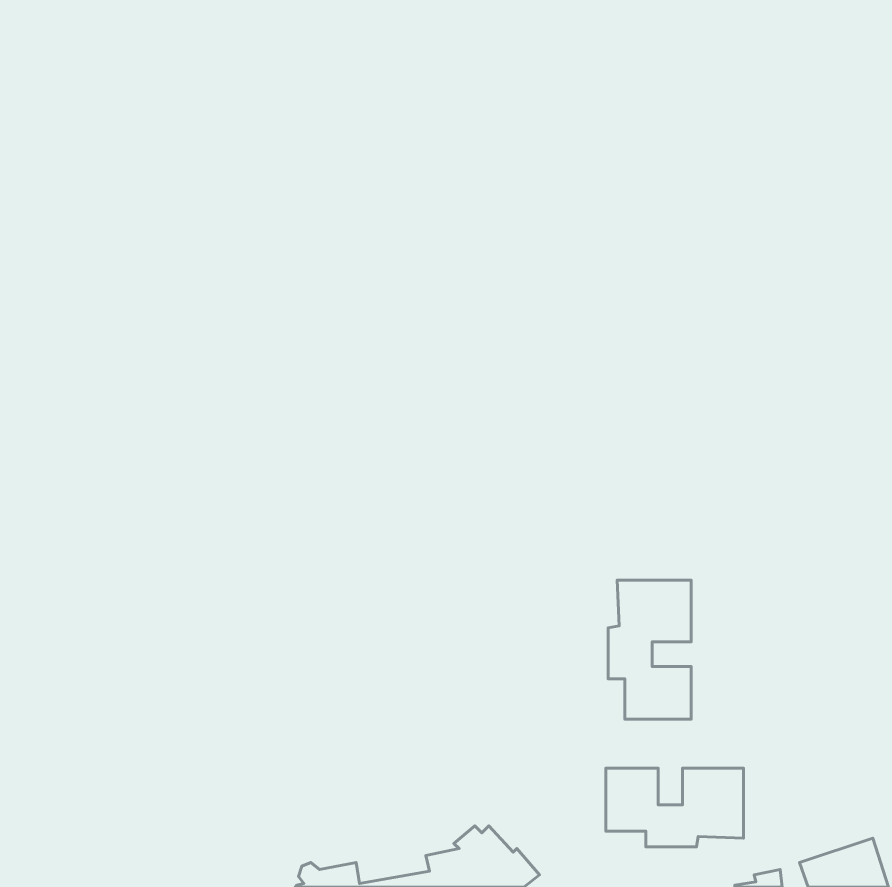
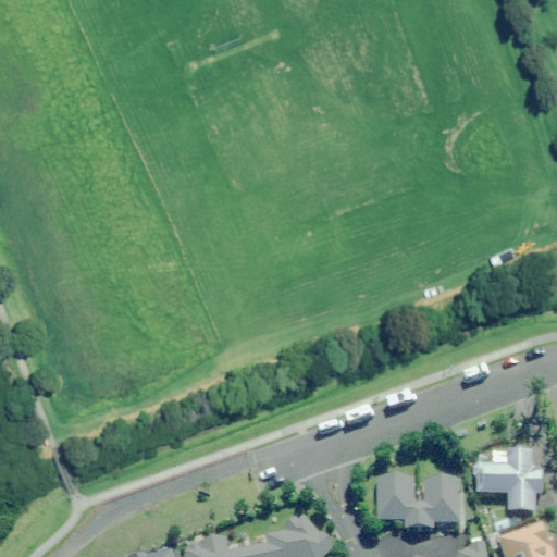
building: [608,580,691,719] -> none
building: none -> [478,450,542,512]

